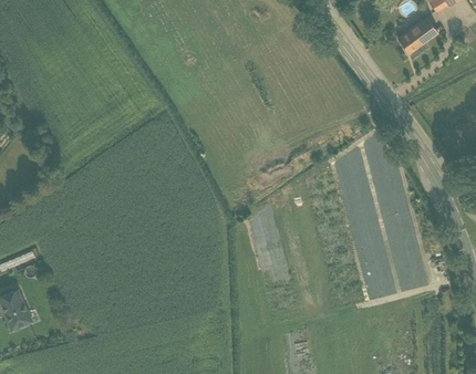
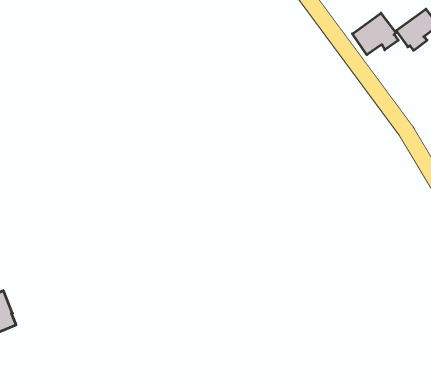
building: none -> [352,13,398,55]

